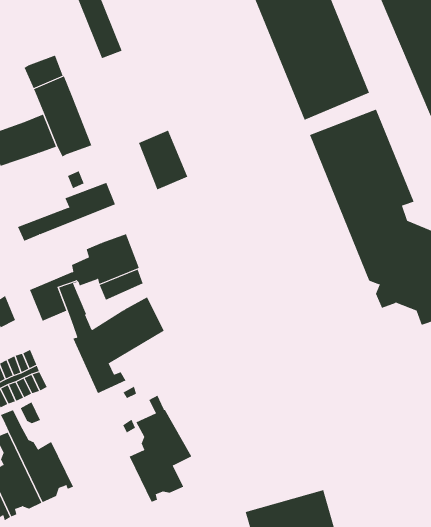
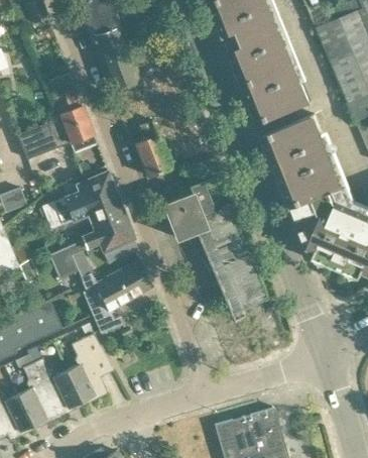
building: none -> [159,187,265,313]
building: none -> [44,188,123,228]
building: [129,395,192,502] -> [66,322,114,405]

